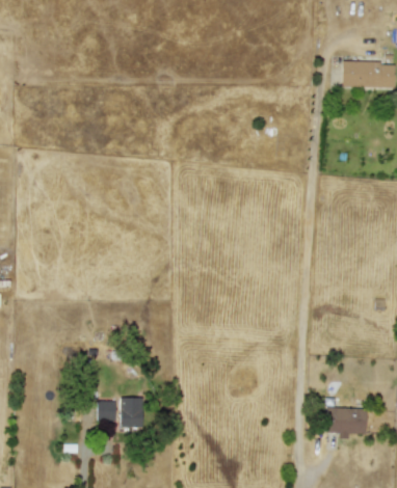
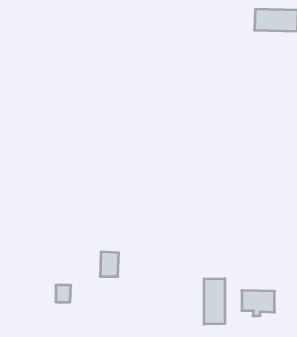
building: none -> [204,278,225,324]
building: [122,397,144,427] -> [100,252,119,276]

